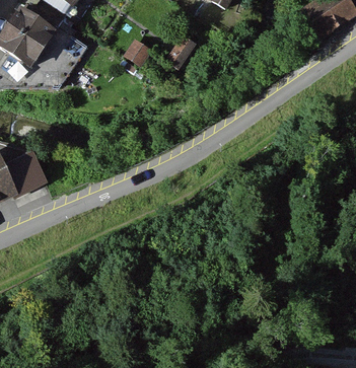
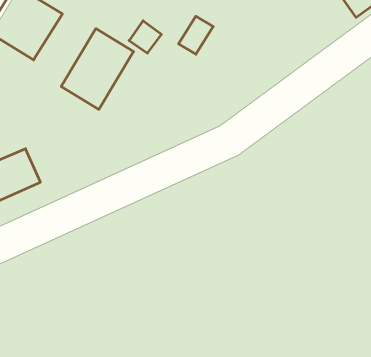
building: none -> [61,29,134,109]

